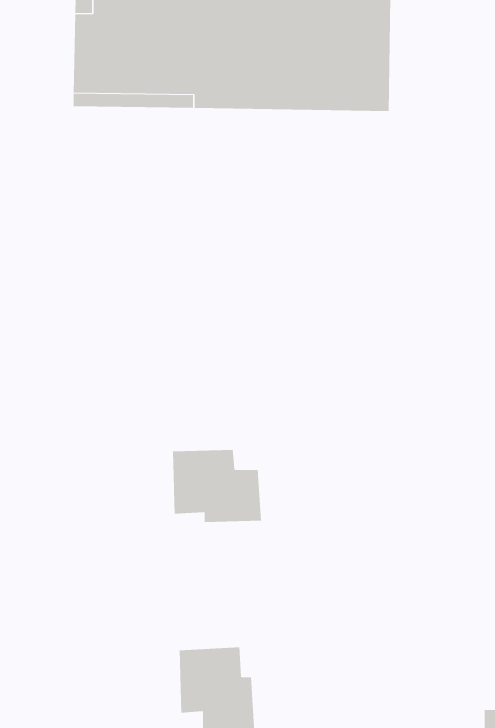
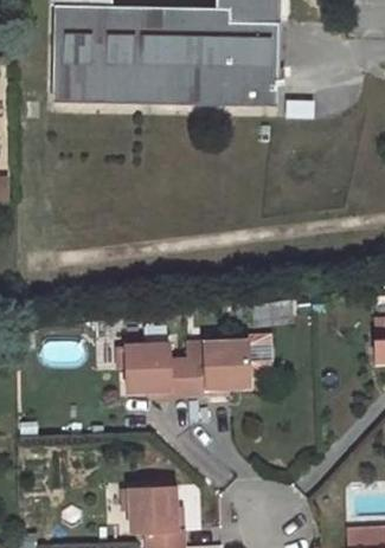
building: none -> [186,341,249,395]

